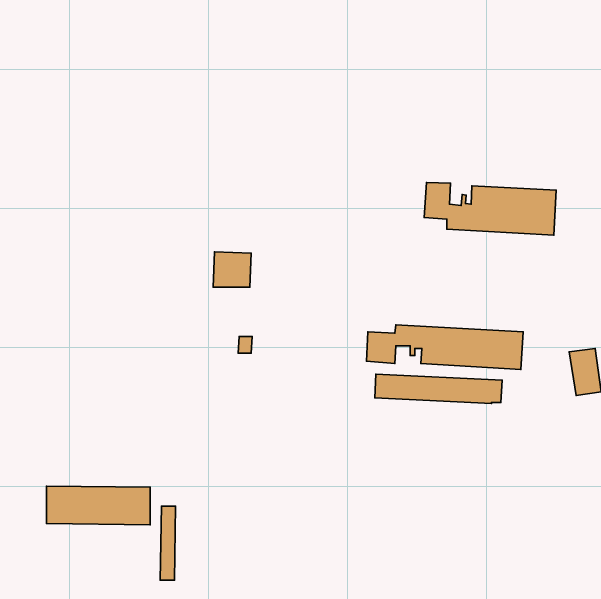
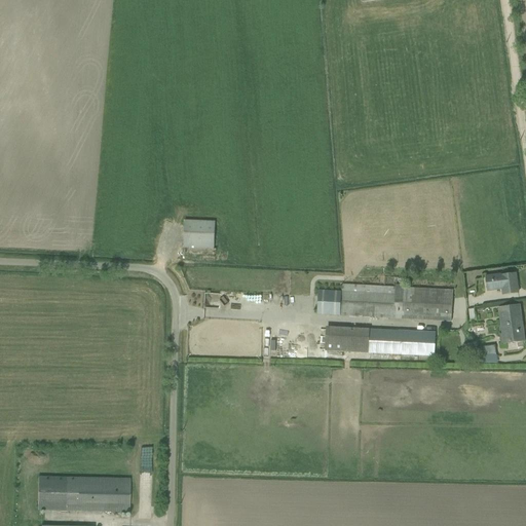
building: [424,183,556,235] -> none
building: none -> [484,272,518,294]
building: [46,486,150,525] -> [38,476,128,510]

